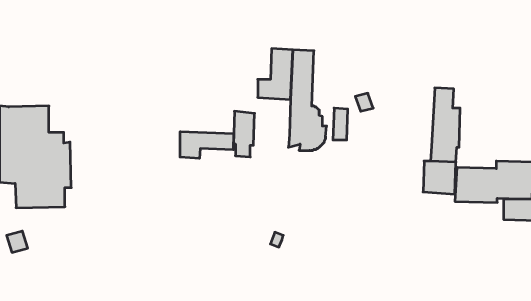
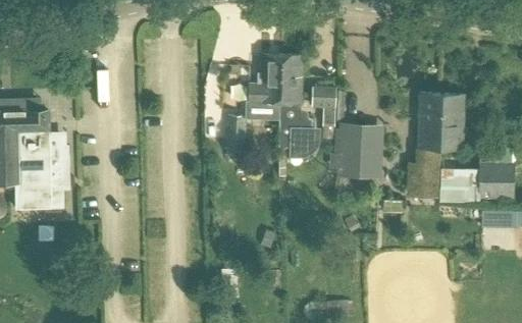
building: none -> [310,91,335,113]
building: none -> [436,94,463,151]
building: none -> [340,127,379,174]
building: [180,132,234,158] -> none

